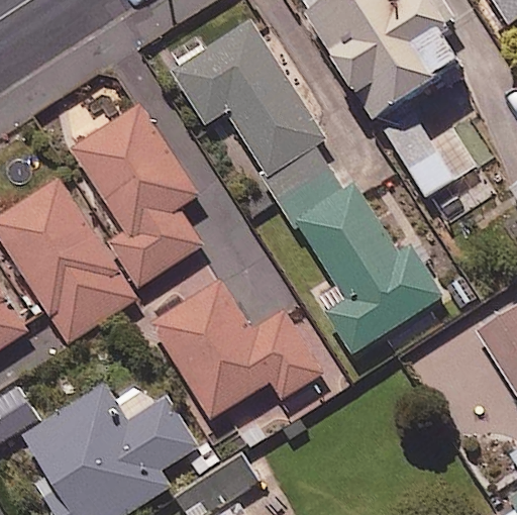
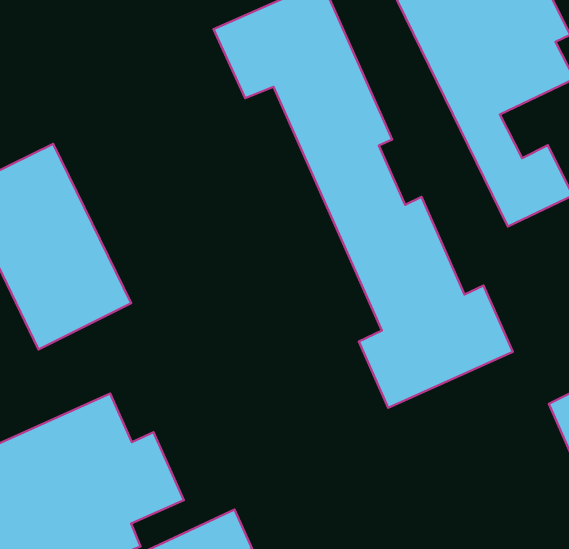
building: [71,106,202,285] -> none
building: [151,281,323,420] -> none

